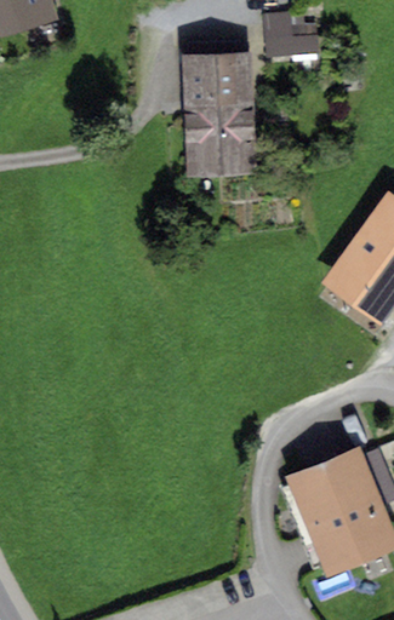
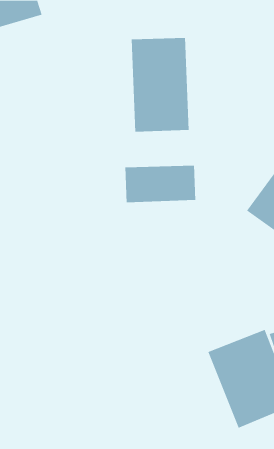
building: [264,10,319,52] -> none
building: none -> [125,165,196,203]

